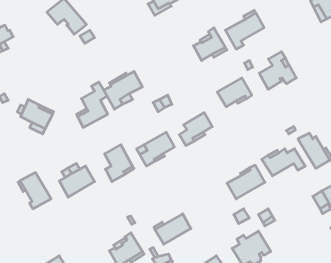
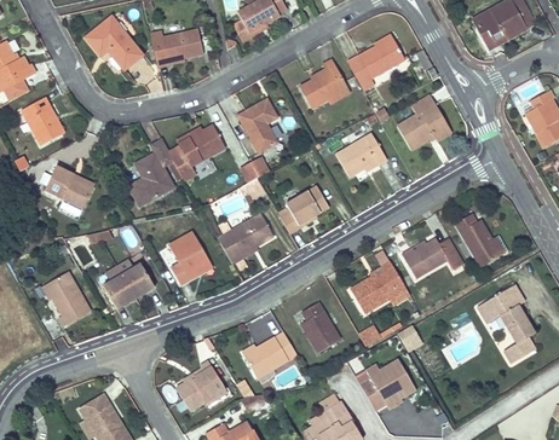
building: none -> [161,29,202,60]
building: none -> [22,97,64,145]
building: none -> [238,98,276,151]
building: none -> [300,301,340,352]

